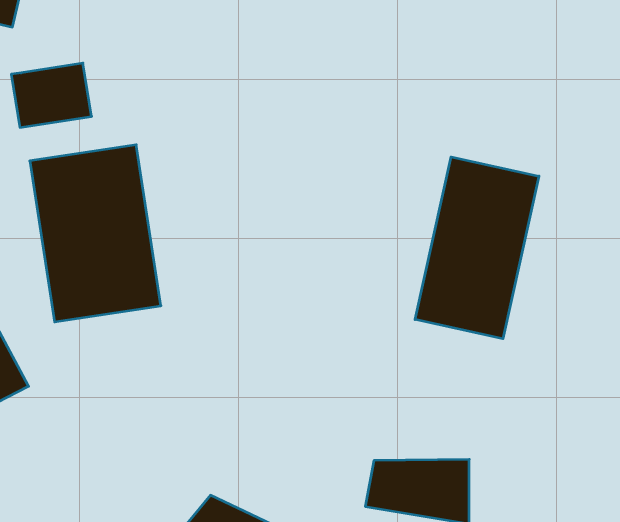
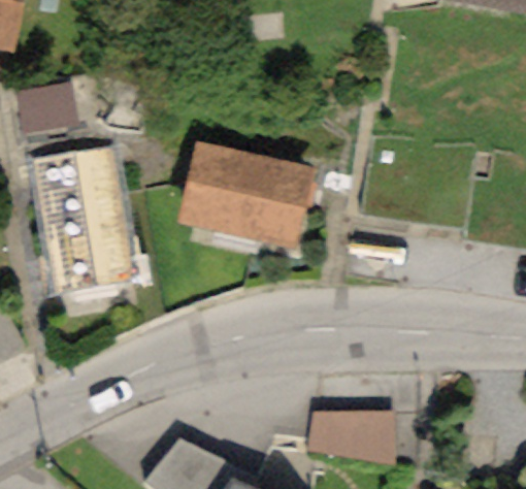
building: none -> [174,140,319,251]
building: [415,157,539,339] -> none

